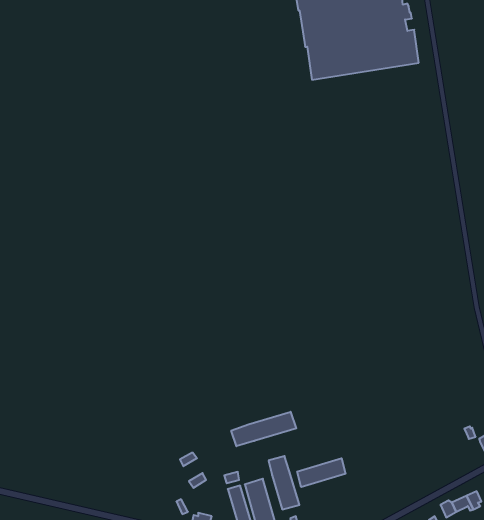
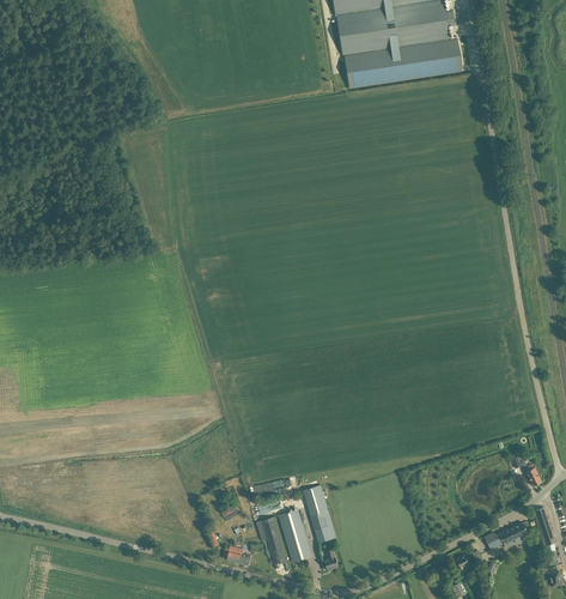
building: [231,412,296,446] -> none
building: [297,458,346,487] -> none

